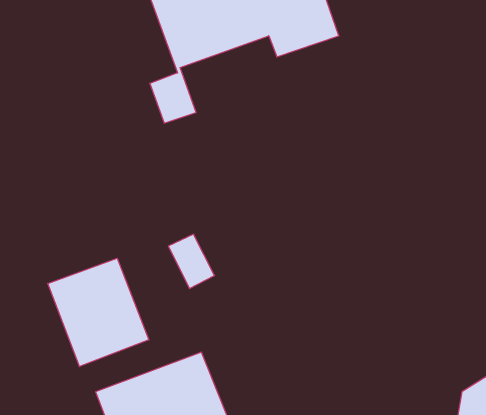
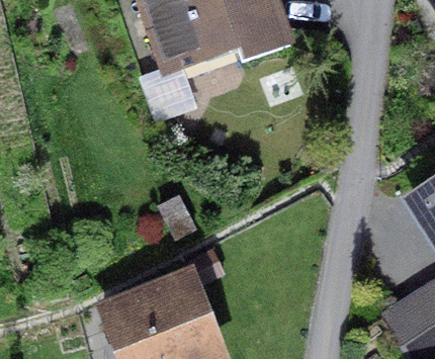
building: [48,258,149,367] -> none

